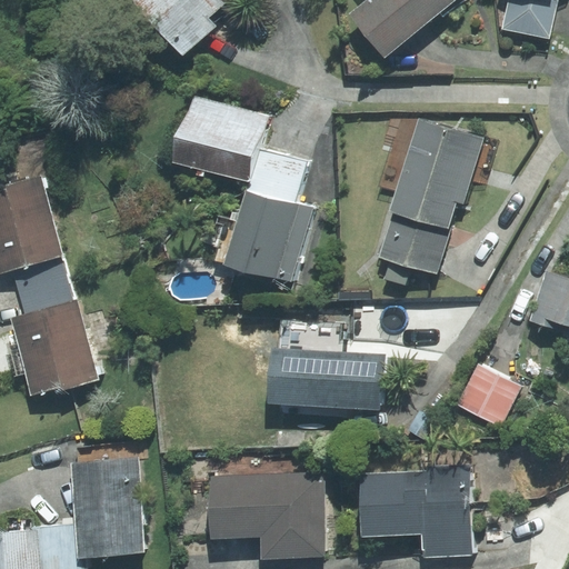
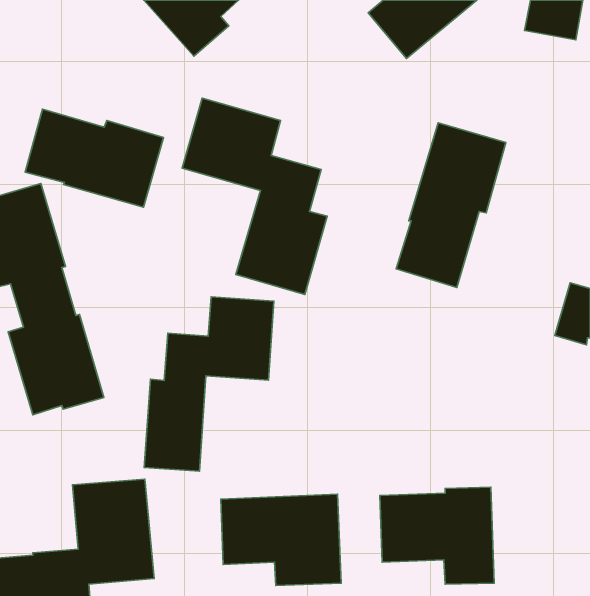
building: none -> [25,109,163,207]
building: none -> [144,297,274,471]
building: [269,346,385,412] -> none
building: [453,363,519,427] -> none

